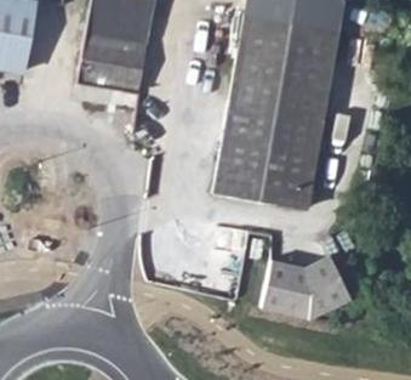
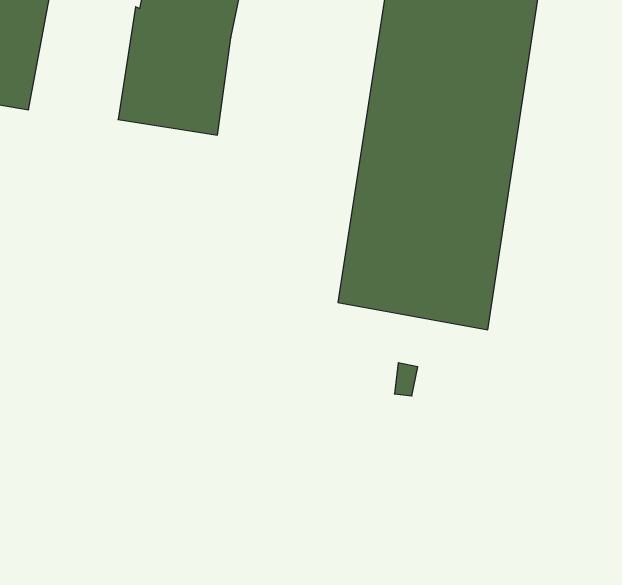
building: [263,245,350,310] -> none

